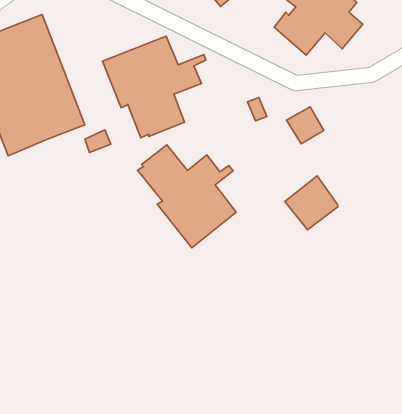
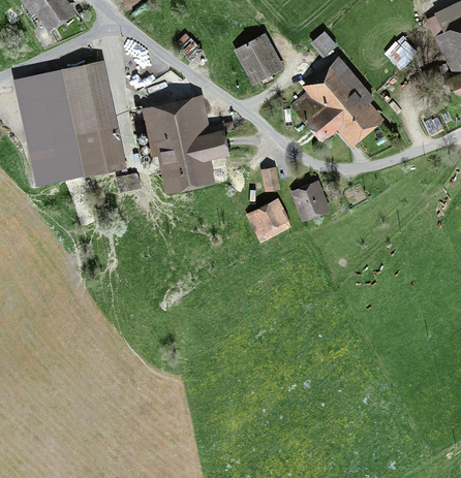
building: [137,145,236,248] -> none
building: [285,176,338,230] -> [246,196,291,242]

